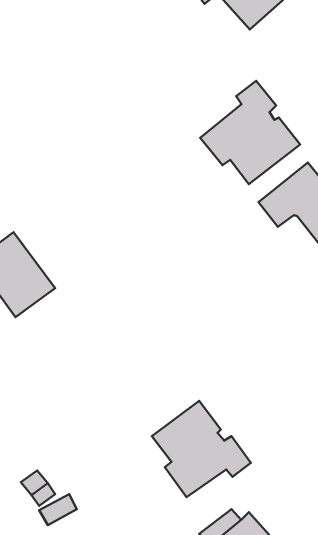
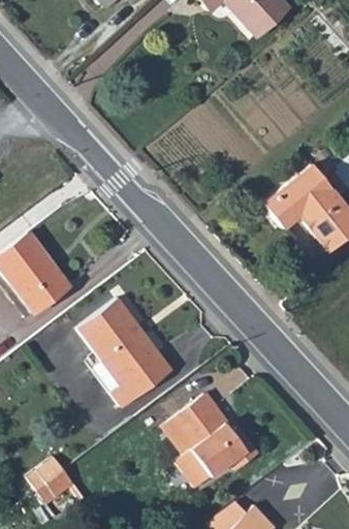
building: [200,81,300,184] -> none
building: none -> [78,298,173,407]

